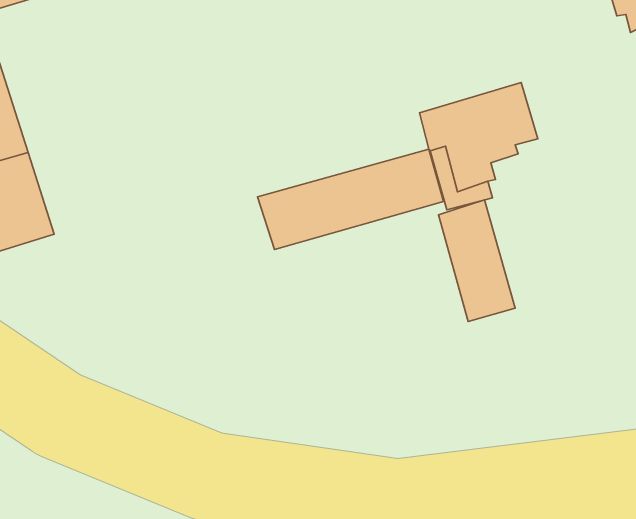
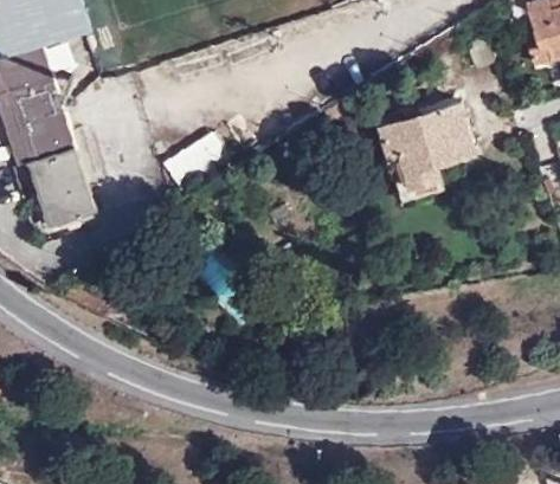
building: [257,149,444,249] -> none
building: [438,200,515,322] -> none

